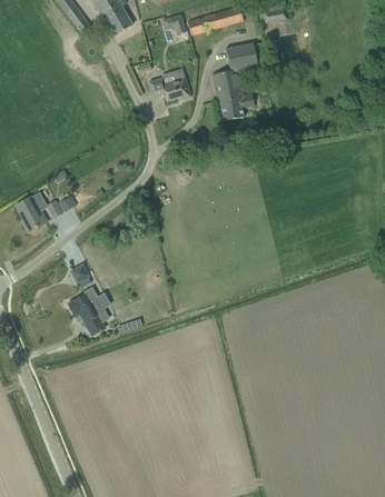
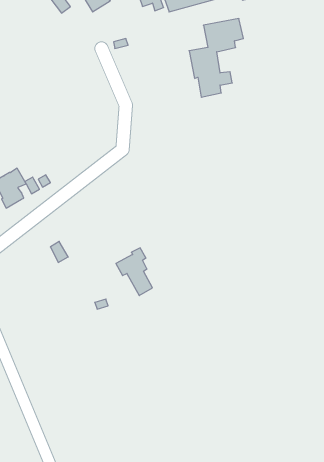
building: [150,68,191,100] -> none
building: [69,287,106,335] -> [116,248,152,296]

